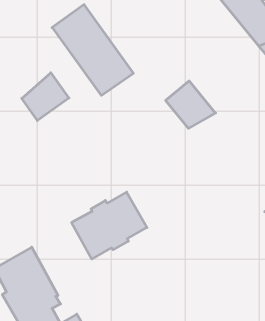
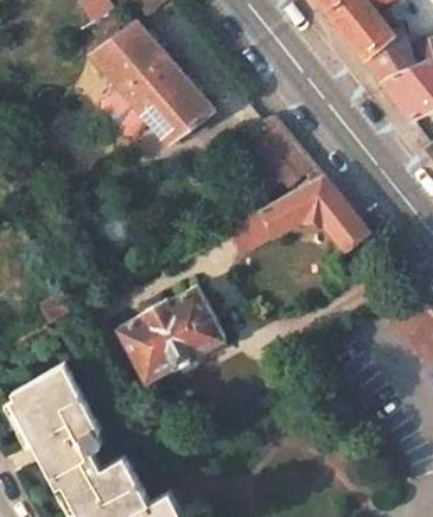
building: [22,73,69,121] -> none
building: none -> [223,175,368,255]

